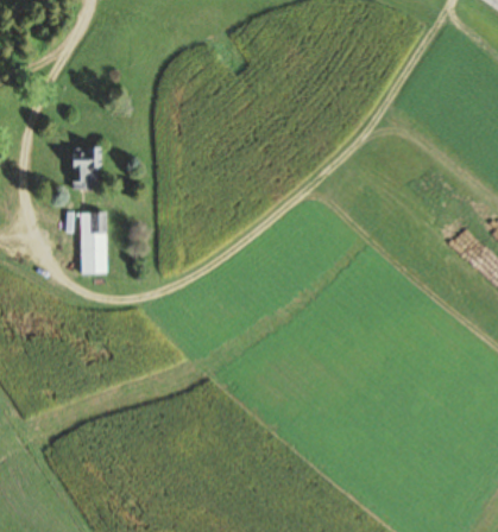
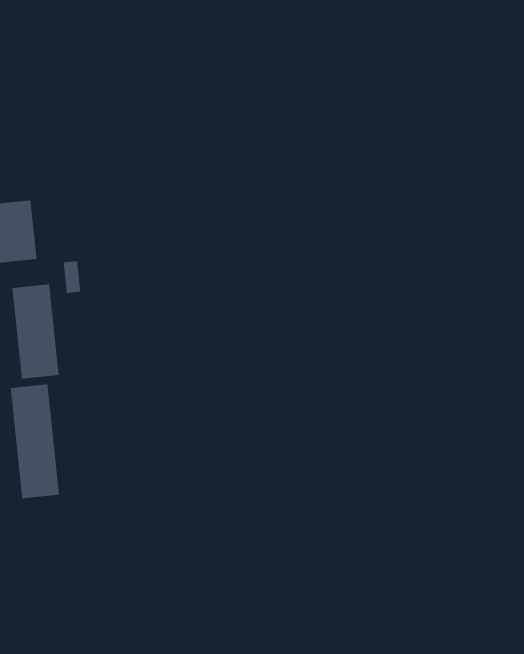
building: none -> [10,383,60,499]

